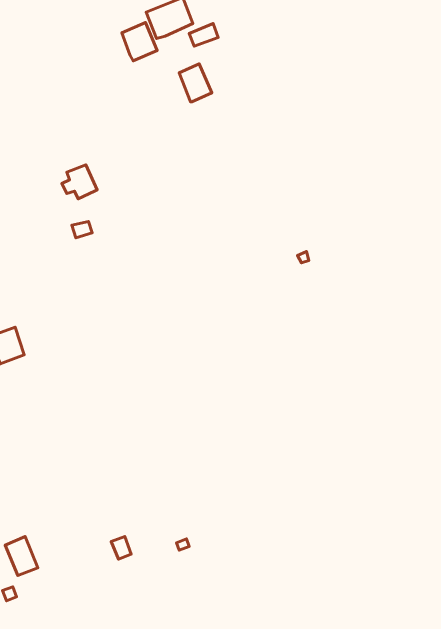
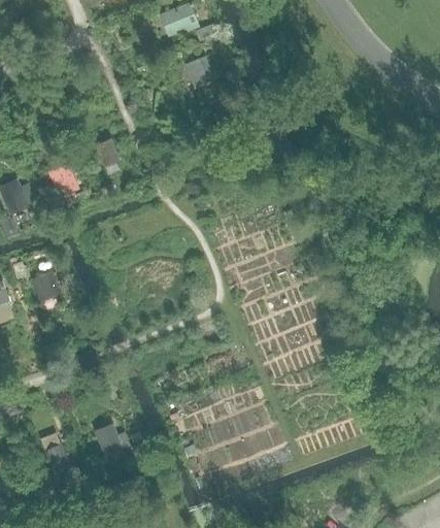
building: [122,22,157,61] -> none
building: none -> [46,163,78,193]
building: none -> [94,424,125,458]

